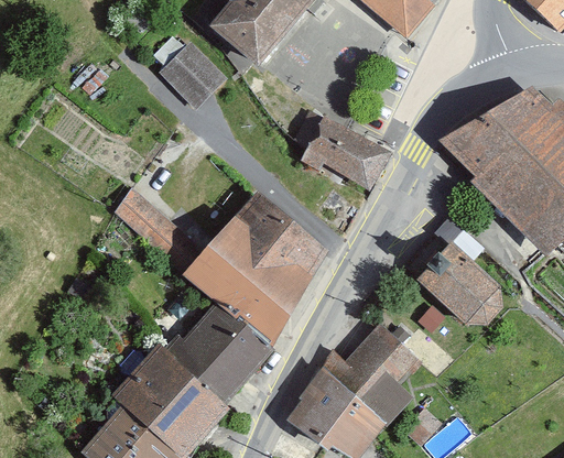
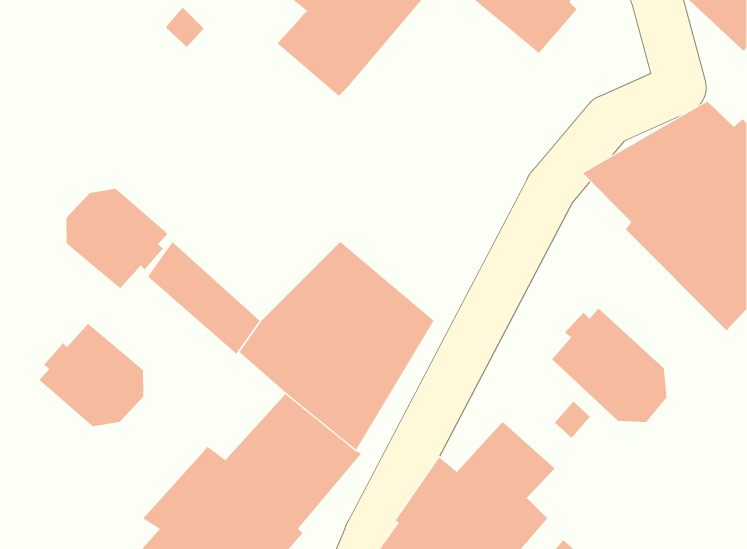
building: [162,48,227,118] -> none
building: [300,111,392,188] -> none
building: none -> [66,188,168,289]
building: none -> [39,323,144,427]

